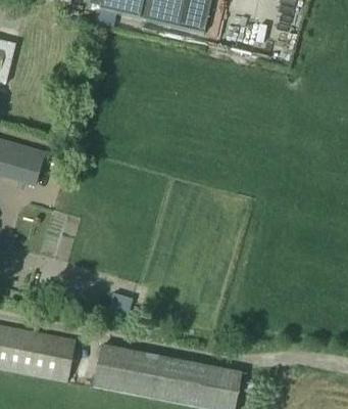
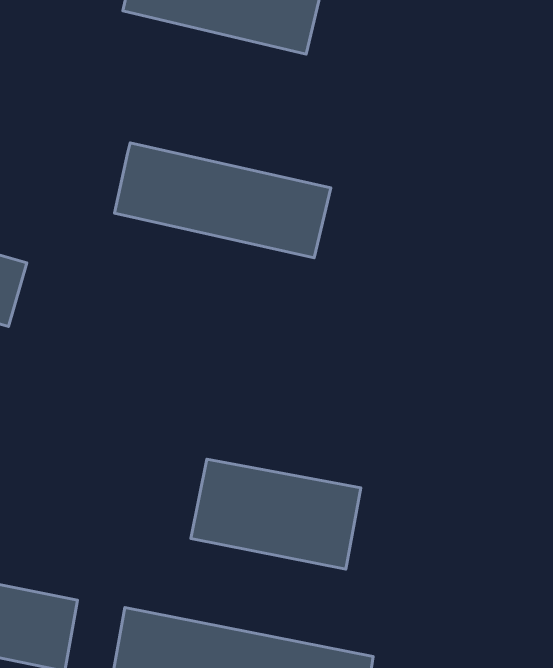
building: none -> [115,143,331,258]
building: none -> [191,459,361,569]

